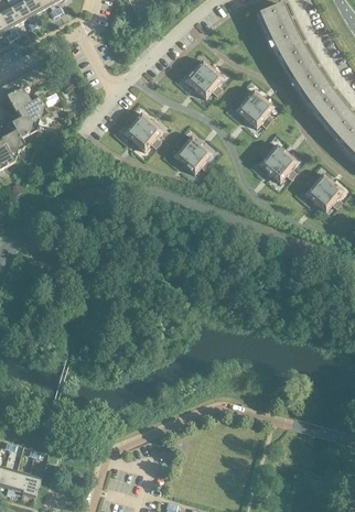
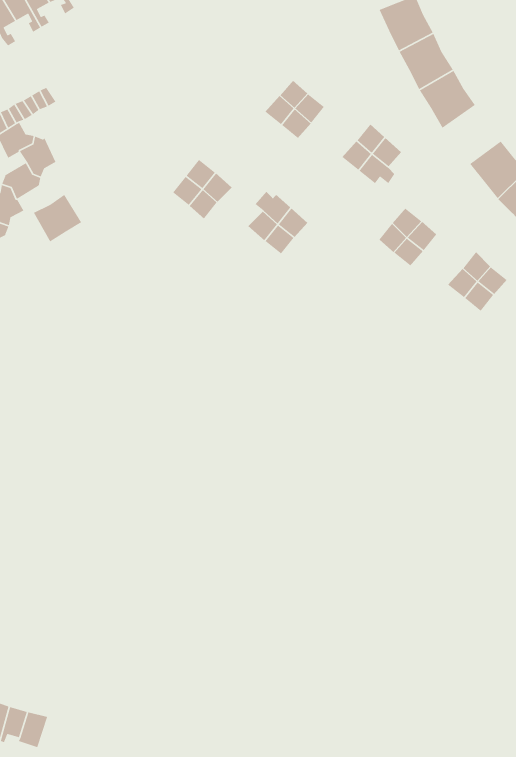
building: [300,76,338,115] -> none
building: none -> [33,194,82,243]

